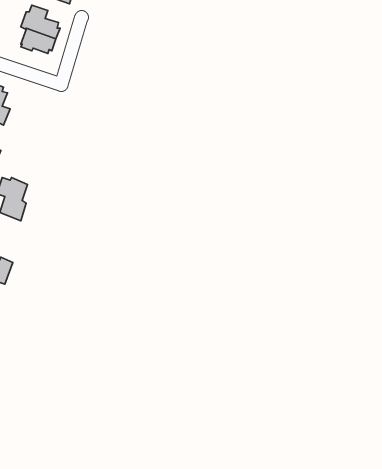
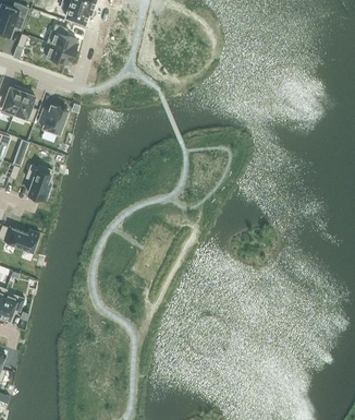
building: none -> [38,106,68,135]

